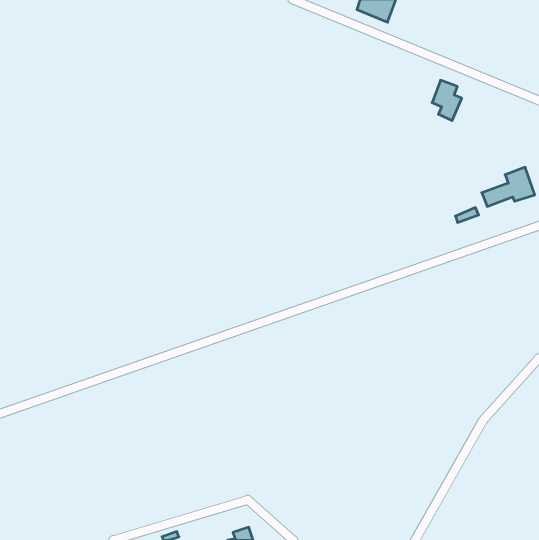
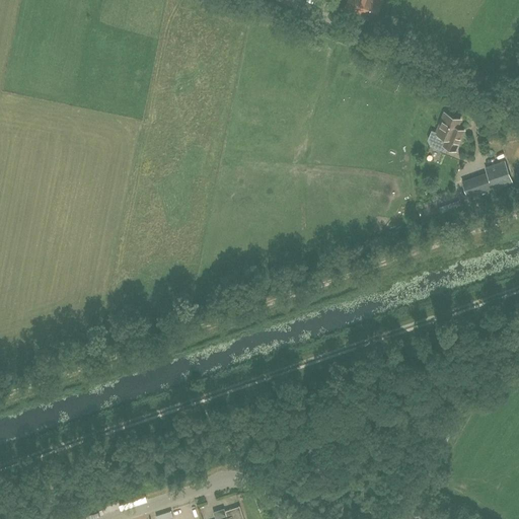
building: [432,80,462,121] -> [434,112,462,150]

